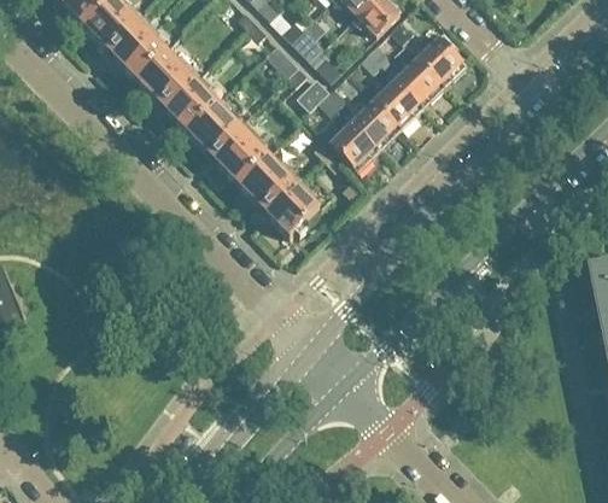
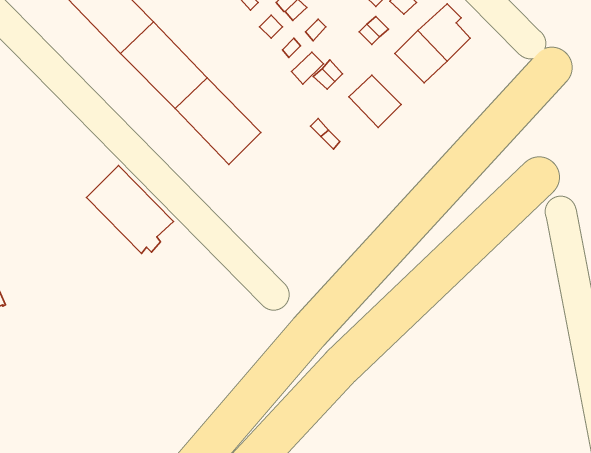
building: [372,76,421,124] -> none
building: [328,117,378,168] -> none
building: [236,151,318,234] -> [87,165,173,253]

